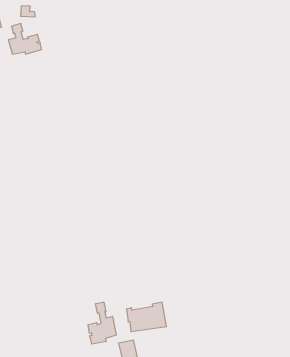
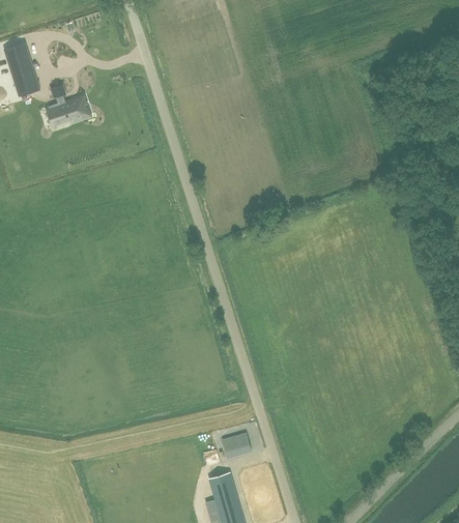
building: [88,302,116,344] -> none

